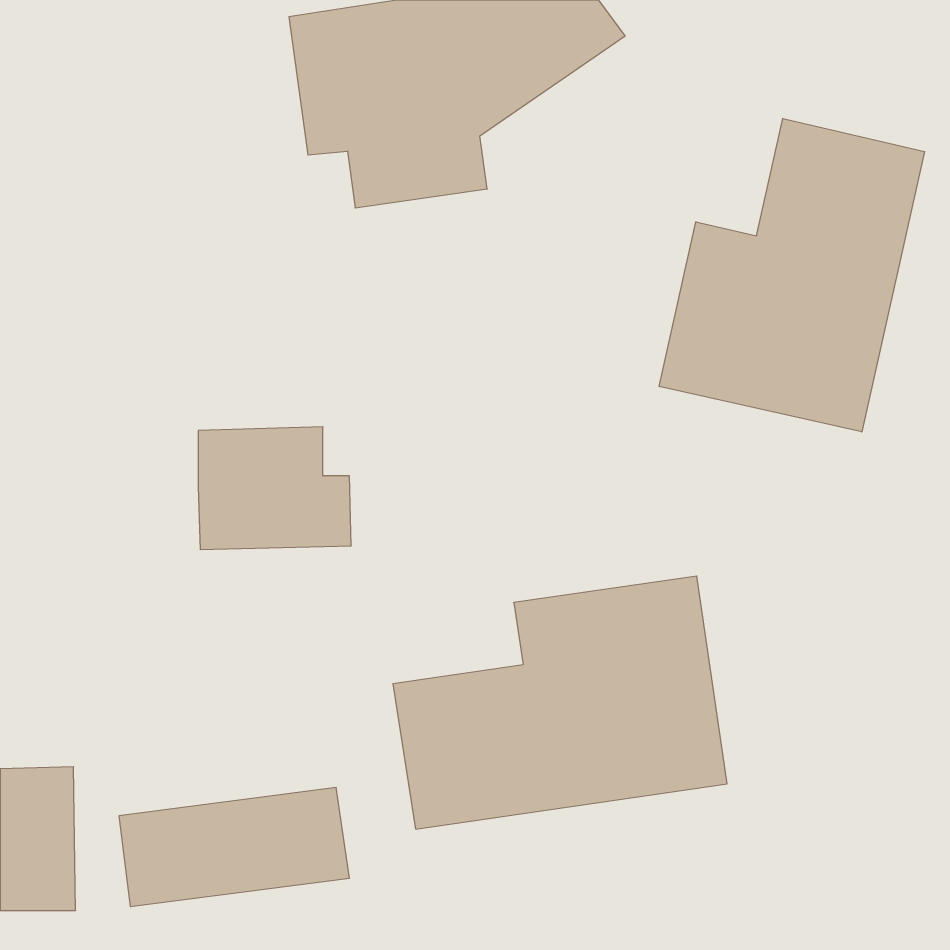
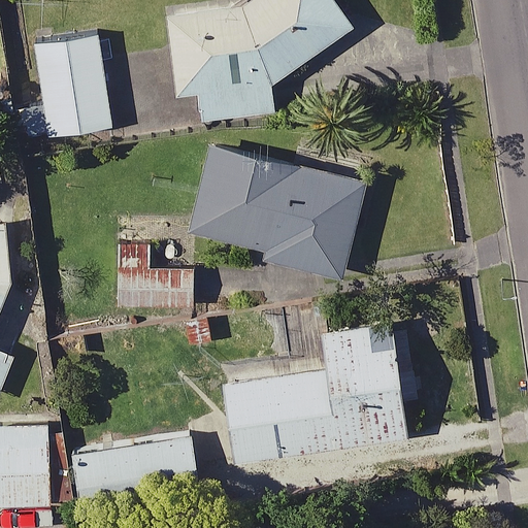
building: none -> [36,34,112,136]
building: [659,118,924,432] -> none
building: none -> [189,145,365,277]

